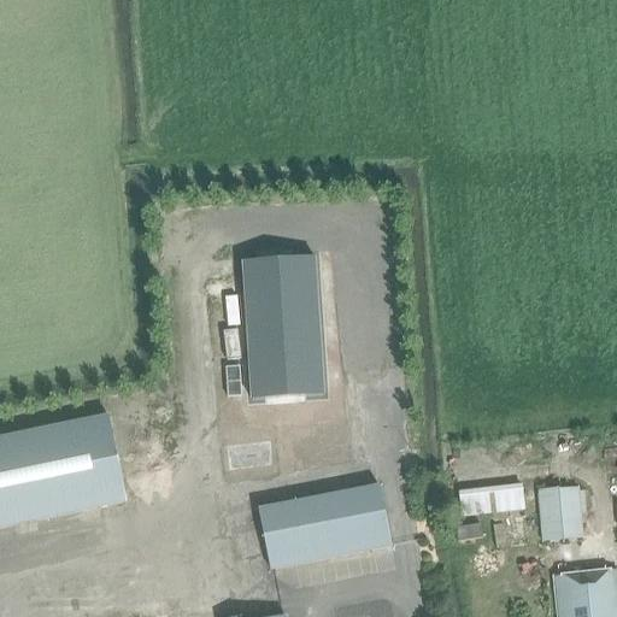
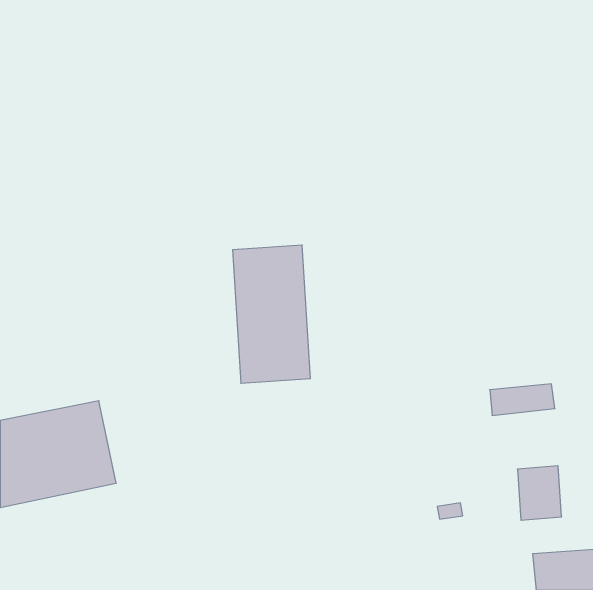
building: [259,482,392,568] -> none
building: [458,482,525,515] -> [490,384,555,415]

